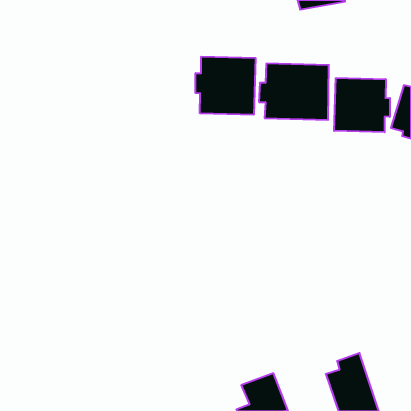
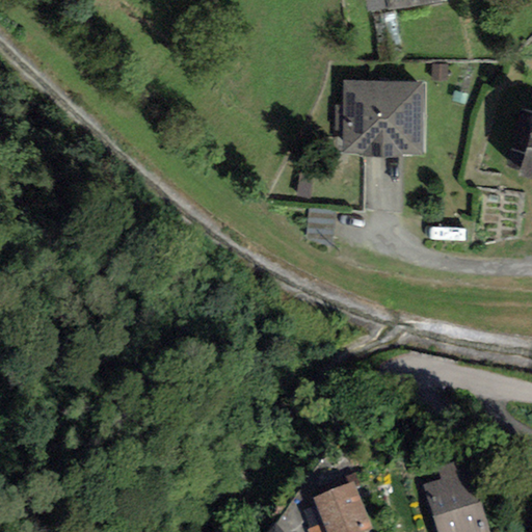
building: [195,57,256,115] -> none
building: [334,78,390,132] -> none

